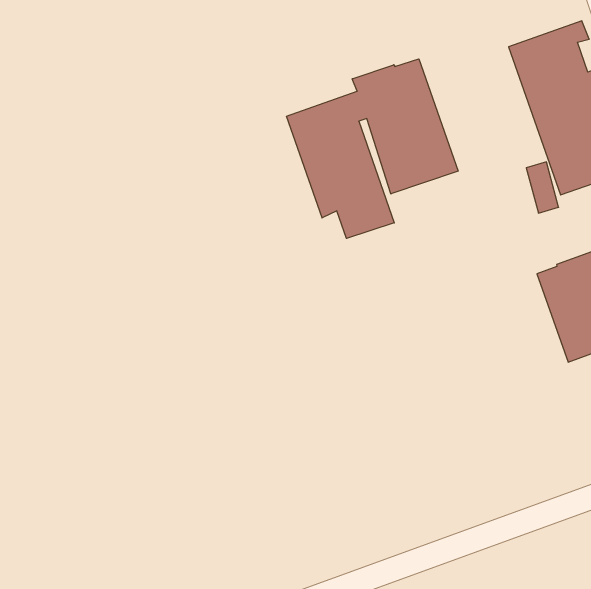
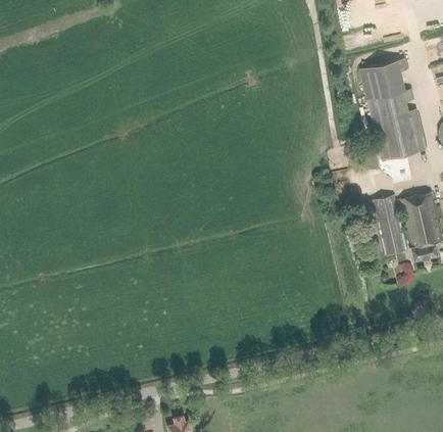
building: [287,59,458,238] -> none

